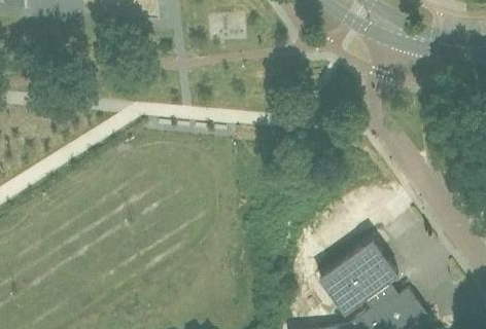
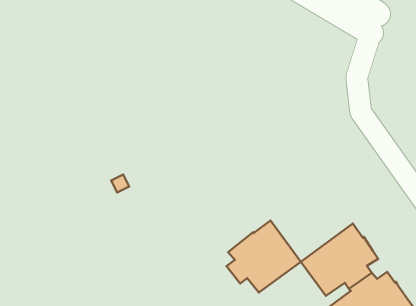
building: none -> [226,220,301,292]

